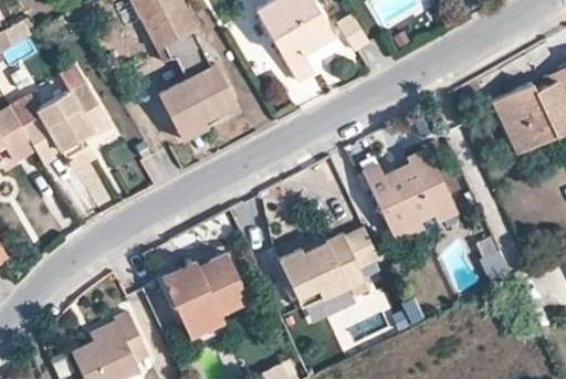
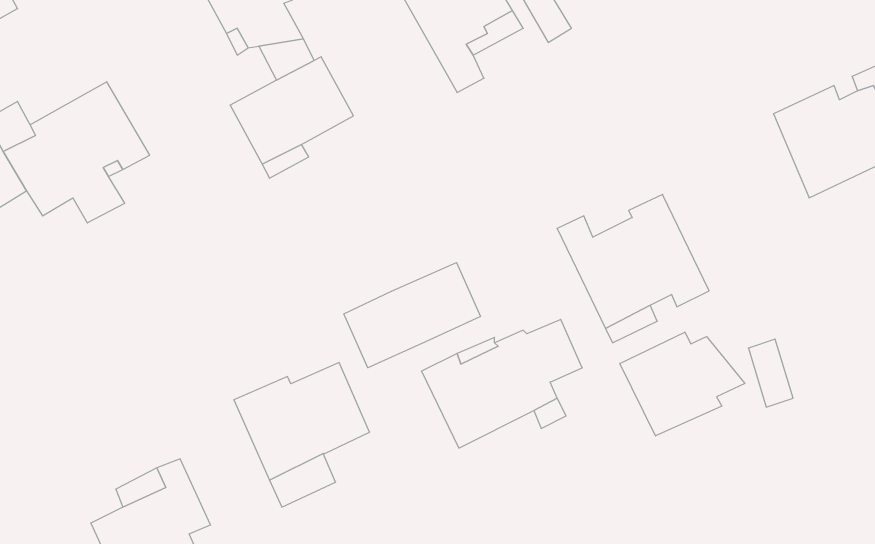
building: none -> [344,263,480,368]
building: none -> [620,332,745,436]

